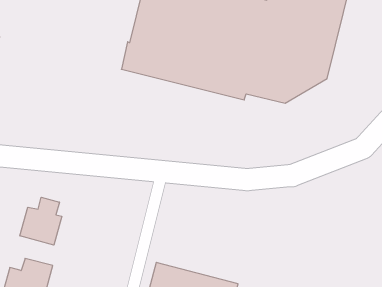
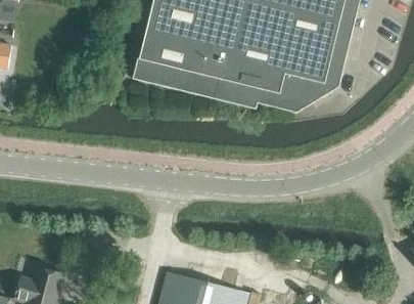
building: [20,197,62,245] -> none

